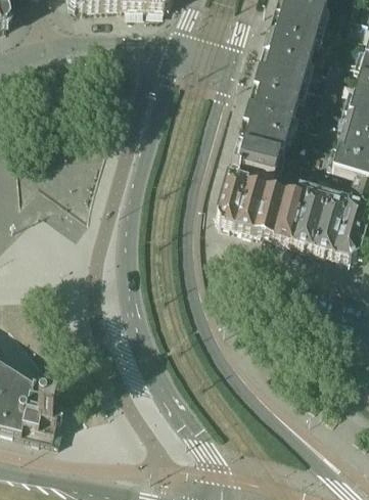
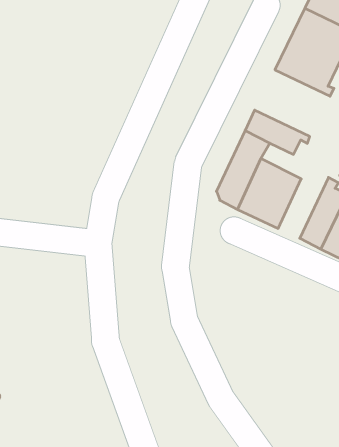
building: [237,100,298,151] -> none
building: [274,181,309,238] -> none

